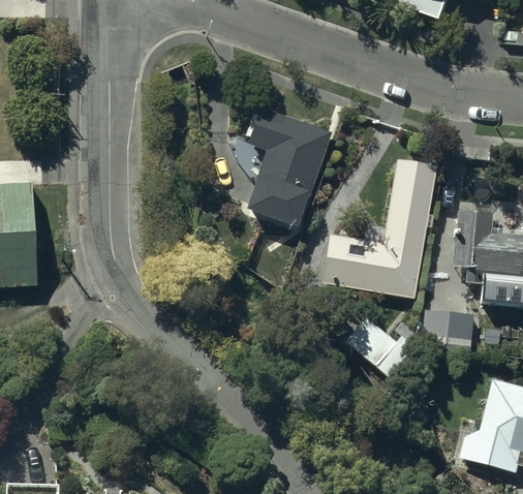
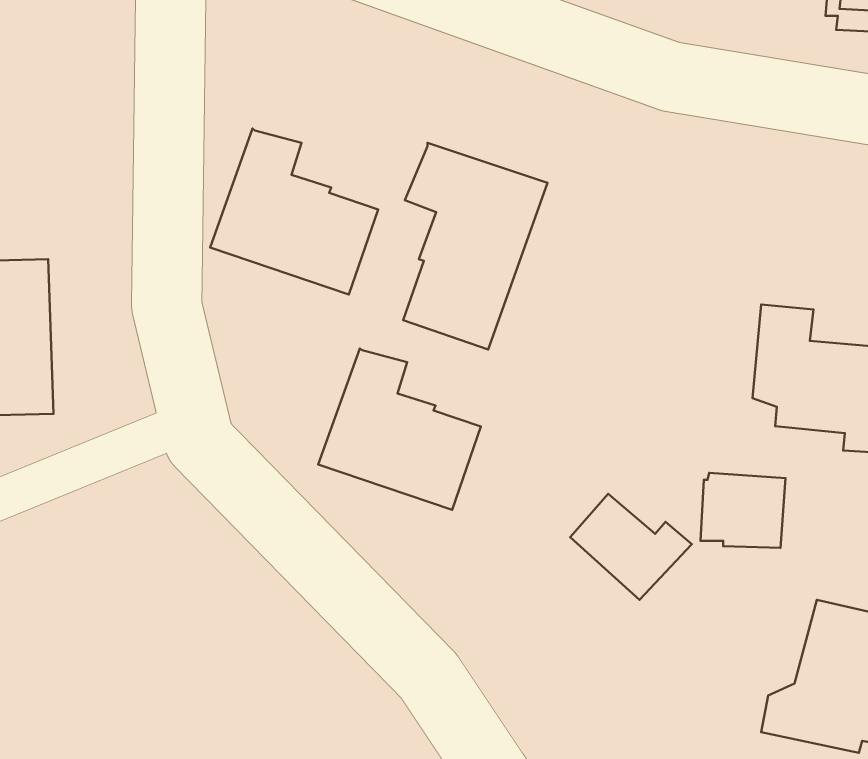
building: none -> [210,129,378,295]
building: [321,162,435,298] -> none
building: none -> [318,348,481,510]

